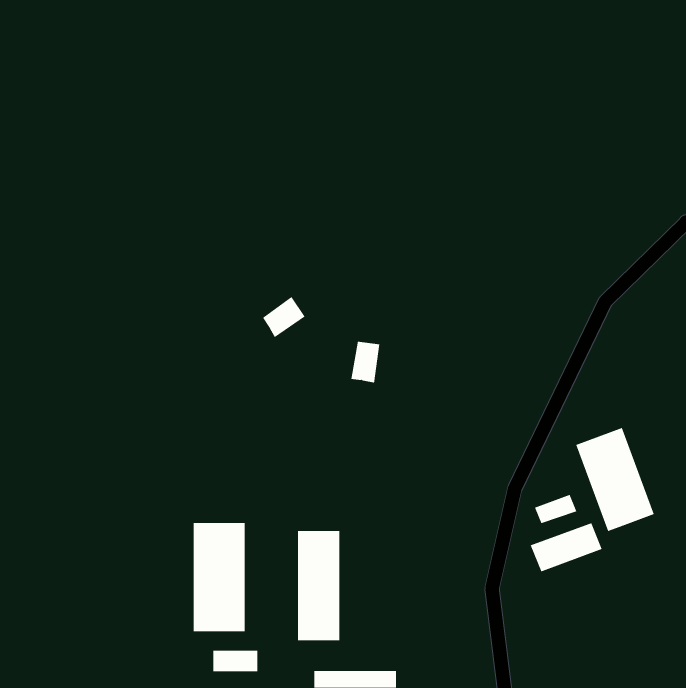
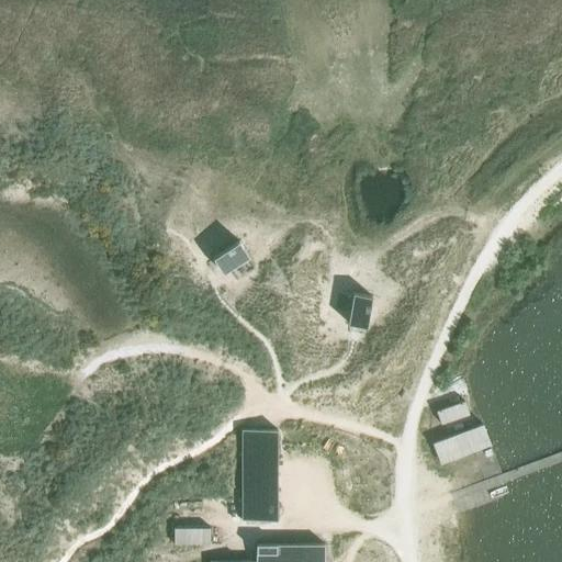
building: [350,341,380,383] -> [348,295,372,329]
building: [575,427,655,532] -> none
building: [193,522,245,632] -> none

